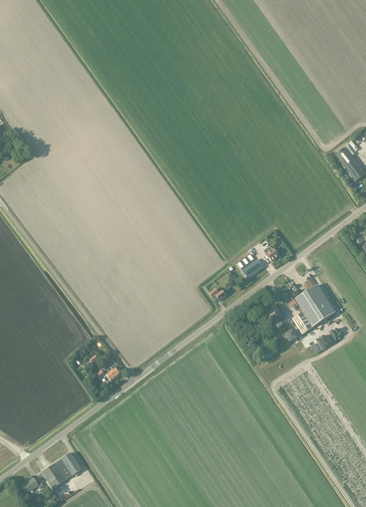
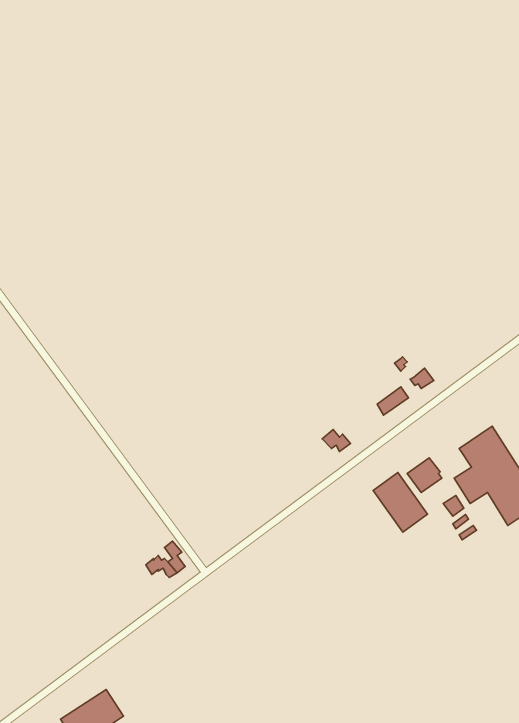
building: none -> [373,473,428,532]

